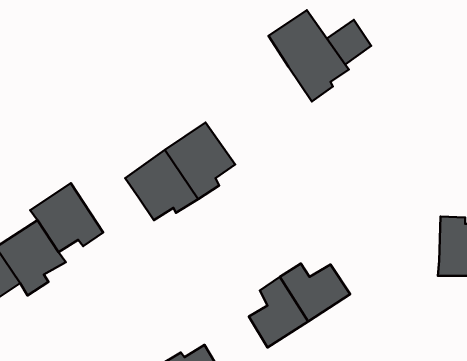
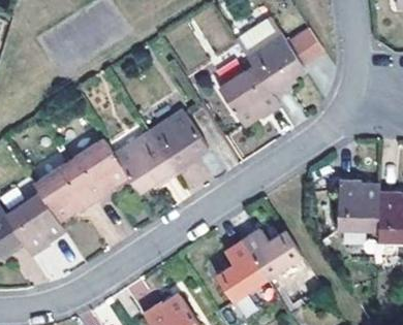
building: none -> [218,65,279,123]
building: none -> [69,140,126,203]
building: none -> [337,178,378,227]

